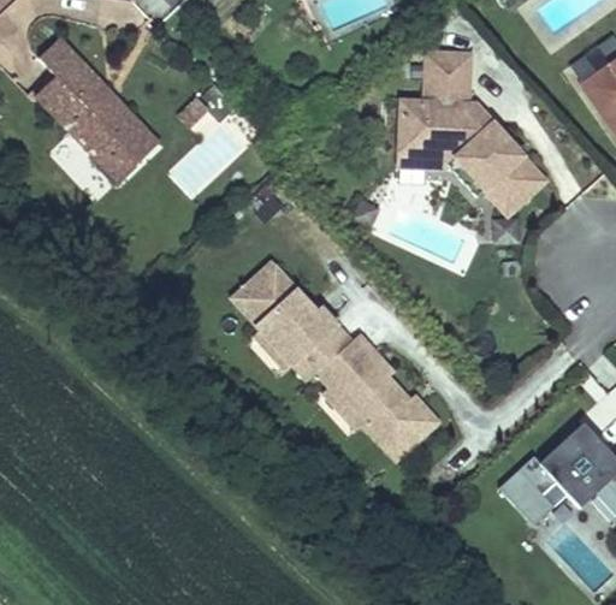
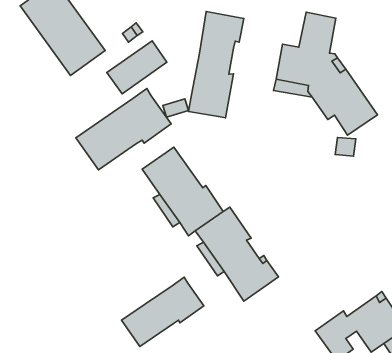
building: none -> [188,11,244,118]
building: none -> [76,88,171,170]
building: none -> [122,277,204,346]

